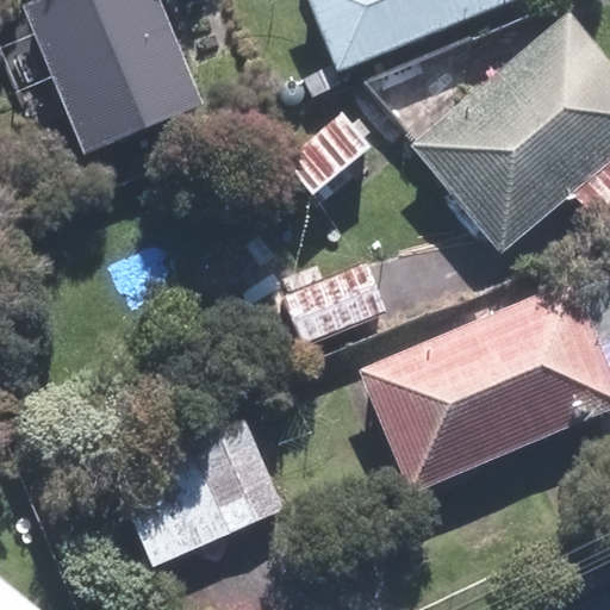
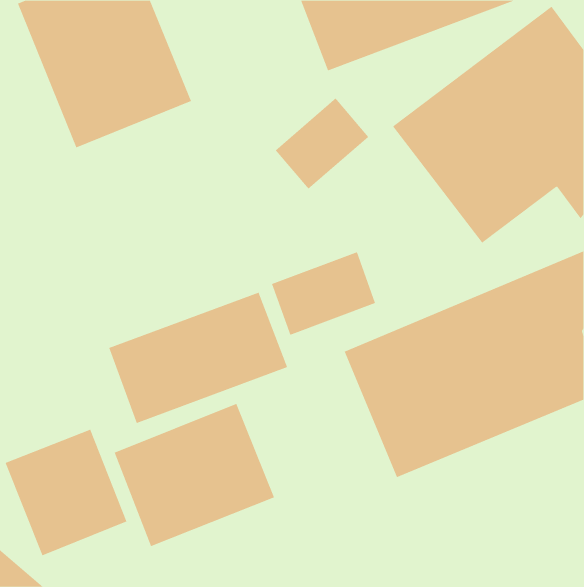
building: none -> [108,292,288,424]
building: none -> [5,429,127,556]

